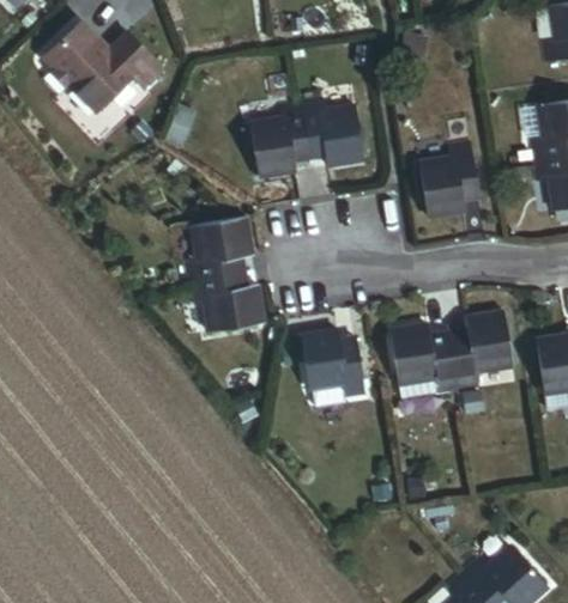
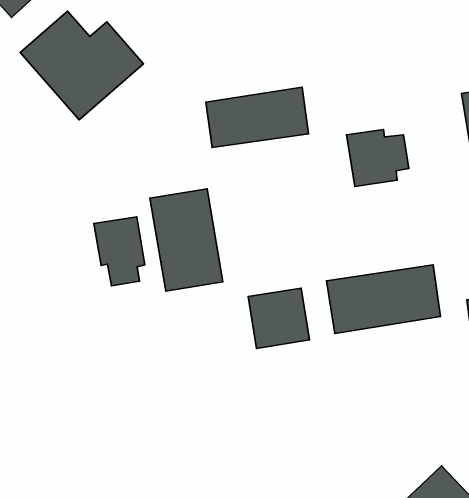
building: none -> [94,217,145,286]

